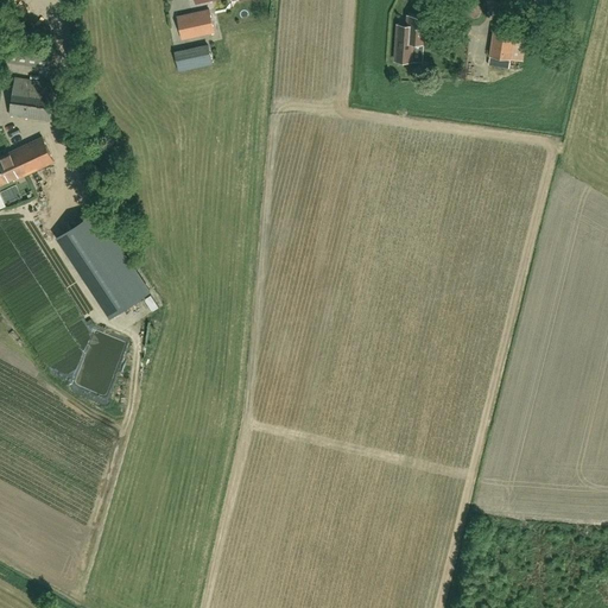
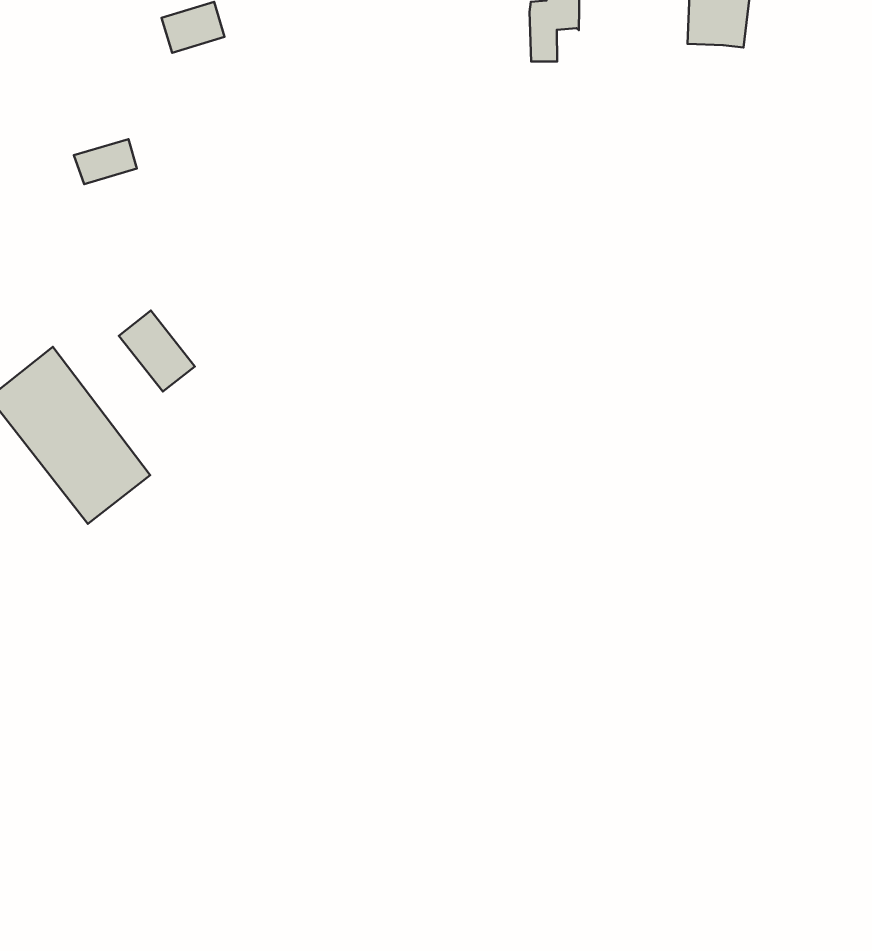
building: [173,48,210,72] -> [74,139,137,184]
building: none -> [119,311,195,392]

